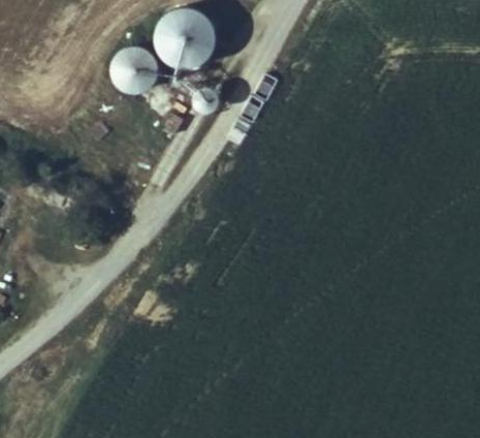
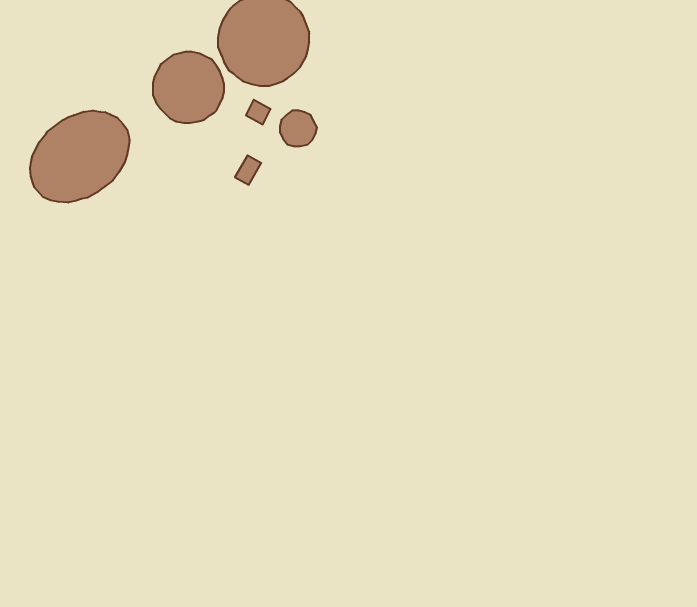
building: none -> [30,110,129,203]

